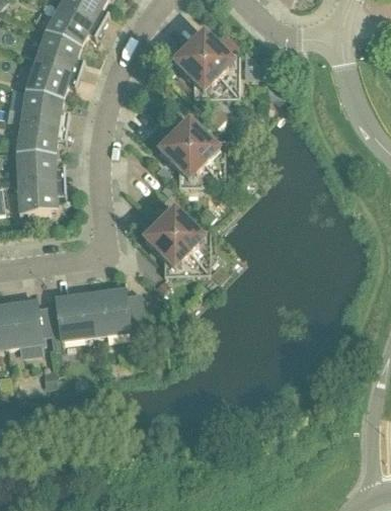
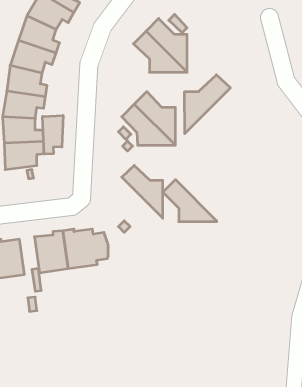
building: none -> [185,75,230,134]
building: none -> [43,115,63,154]
building: [144,224,209,274] -> [163,180,217,222]

